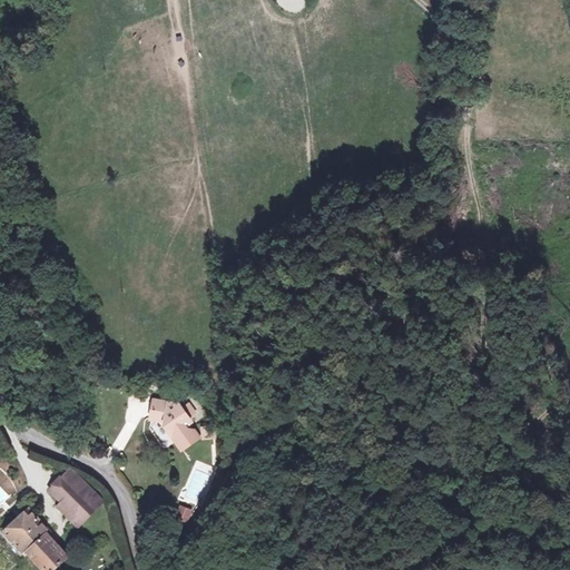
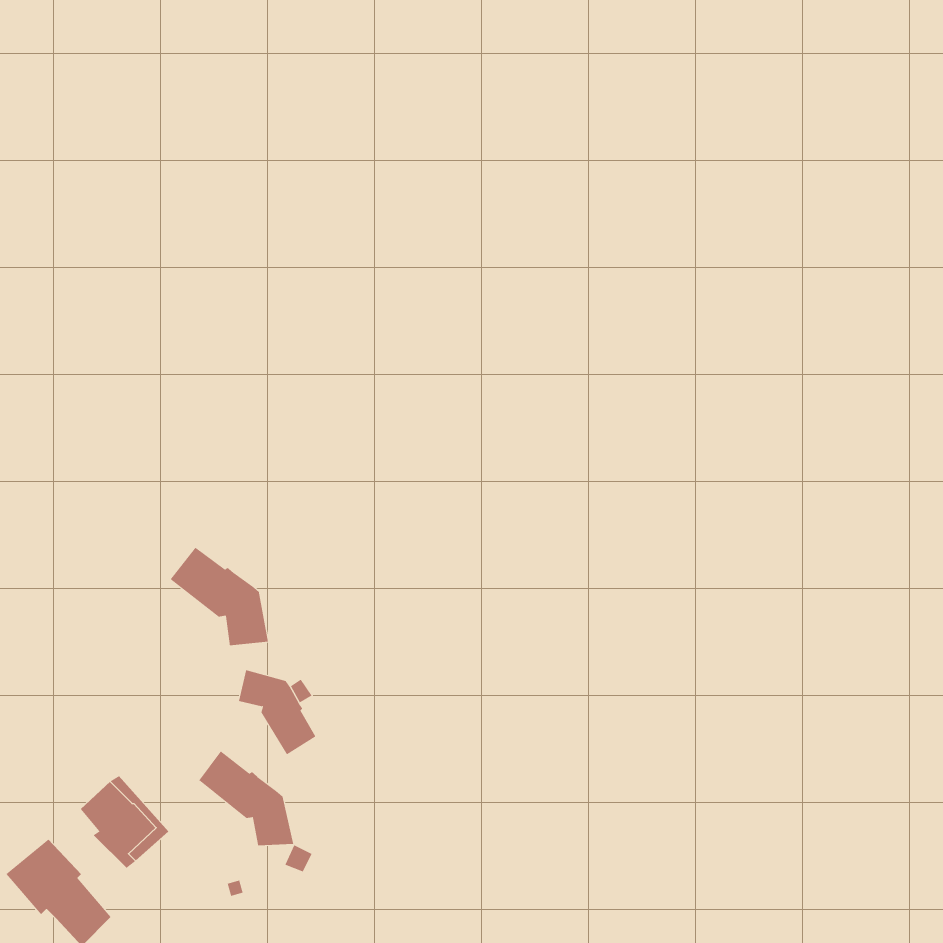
building: none -> [170,547,268,646]
building: none -> [199,751,294,846]

